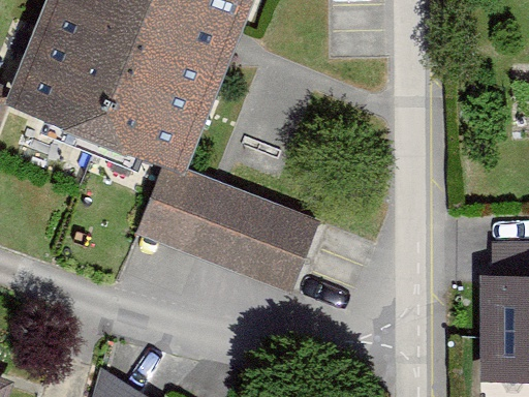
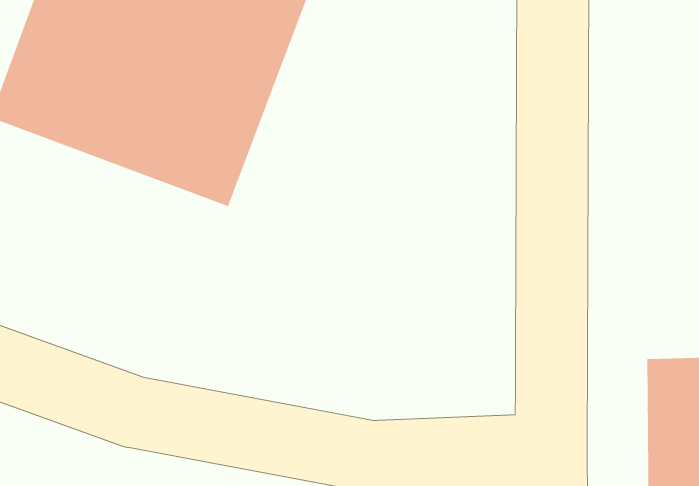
building: [136,162,318,289] -> none

